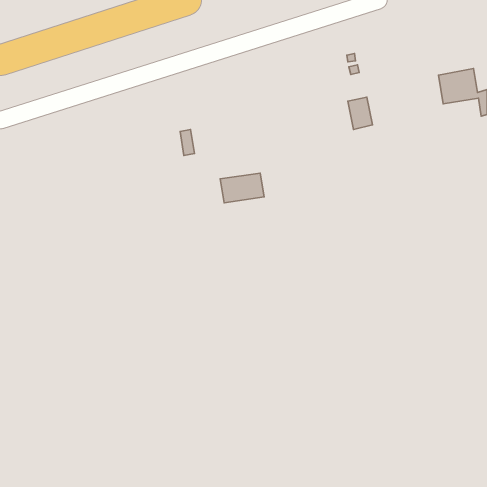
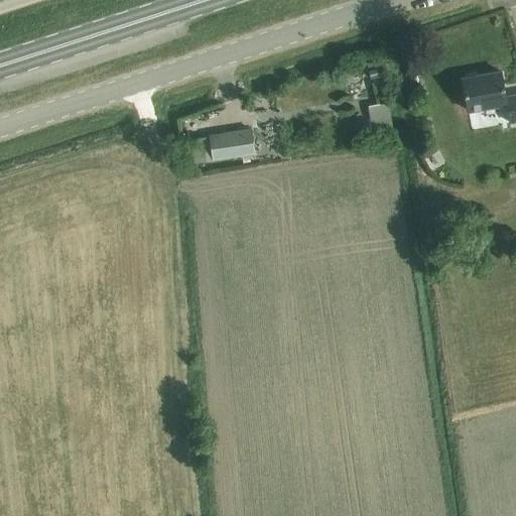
building: [220,173,264,203] -> [209,129,255,160]

